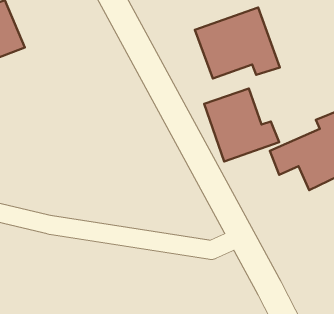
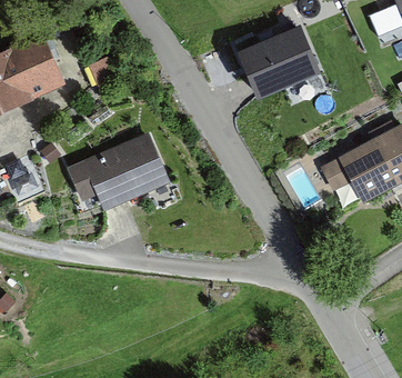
building: [204,89,279,161] -> none
building: none -> [67,131,170,209]

